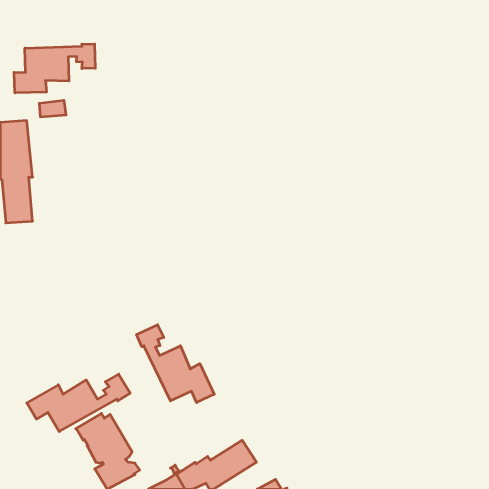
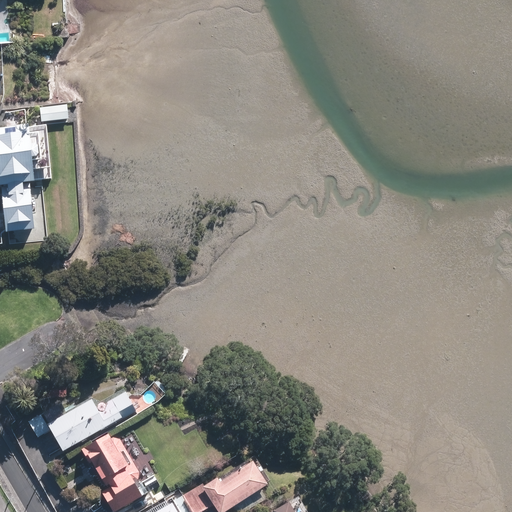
building: [14,44,95,93] -> none
building: [137,325,214,403] -> none

